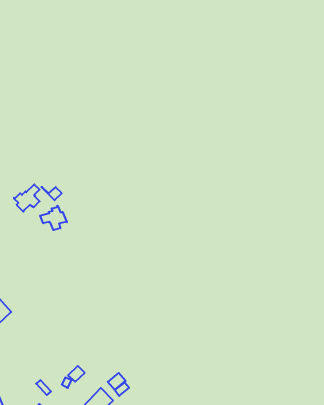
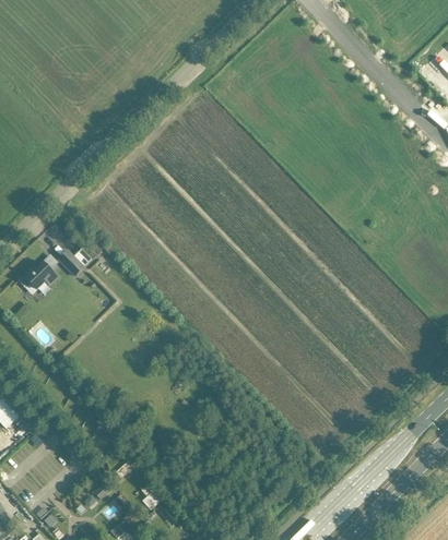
building: [40,206,67,230] -> none

